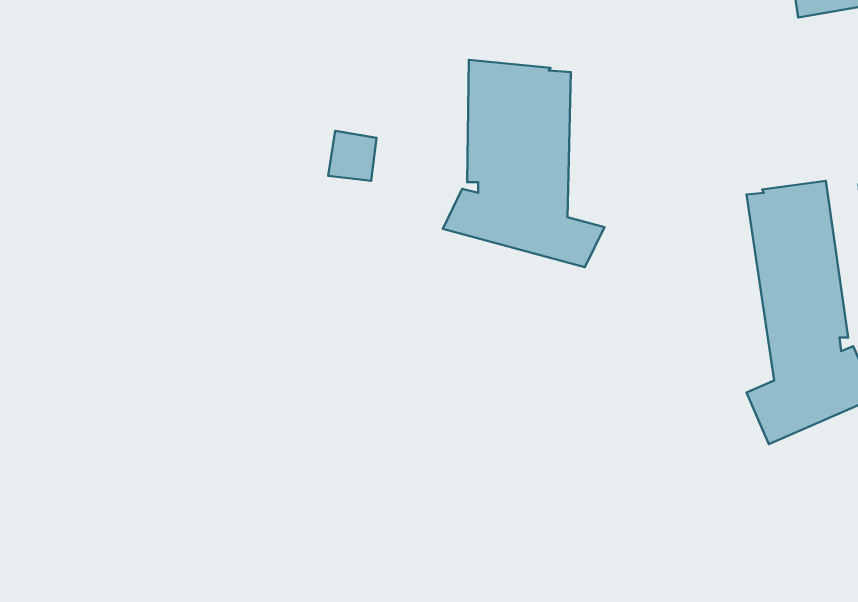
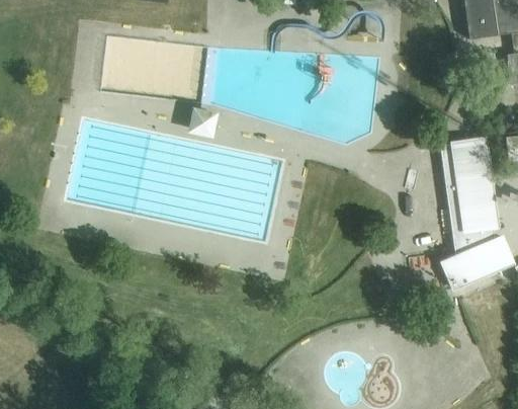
building: [443,60,604,267] -> none

